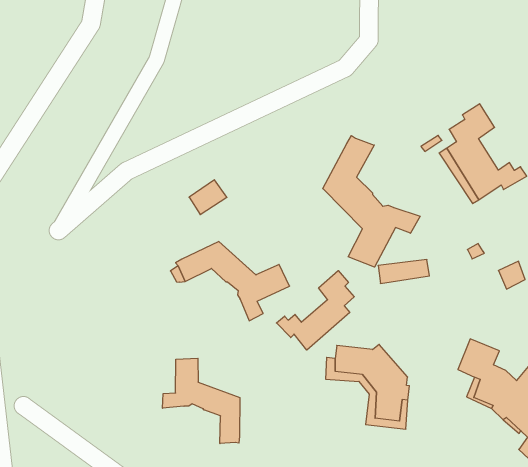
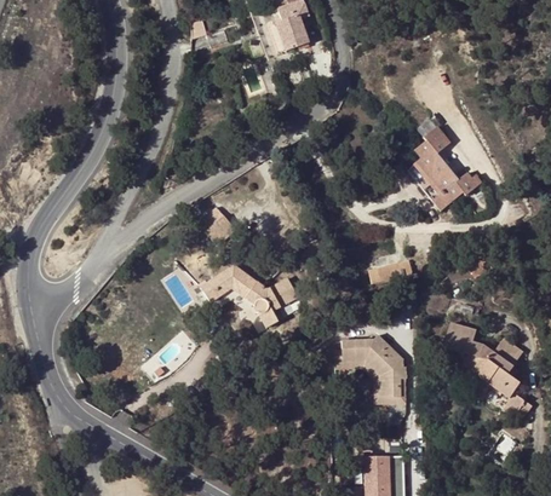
building: [323,136,420,267] -> none
building: [276,271,354,350] -> none
building: [163,358,240,444] -> none

